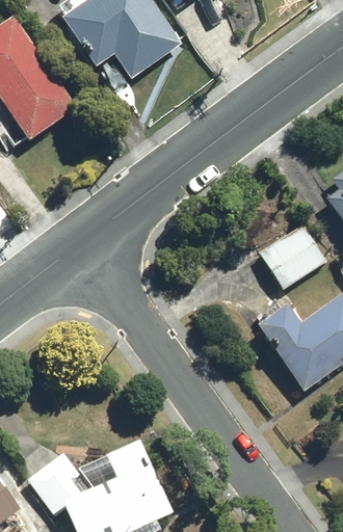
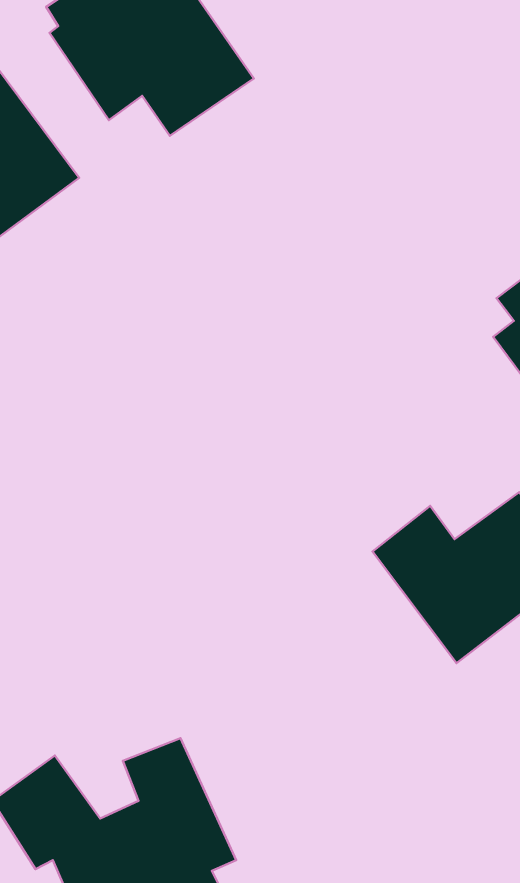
building: [257,221,327,291] -> none

